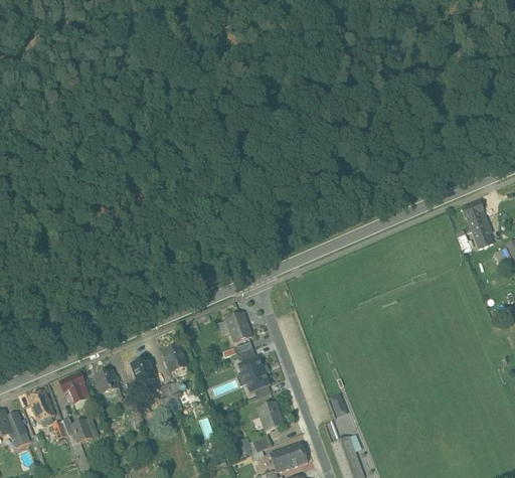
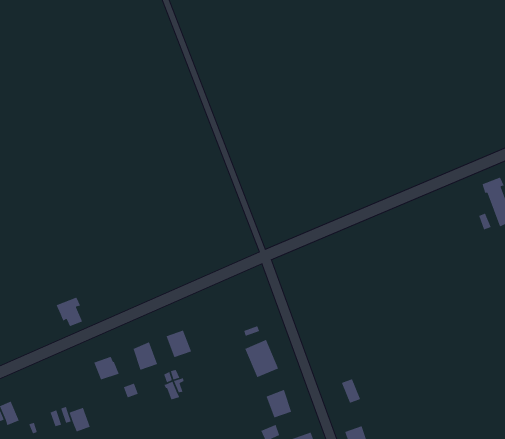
building: [225,311,251,342] -> none
building: [60,373,87,403] -> [56,296,83,327]
building: [28,389,55,422] -> none

